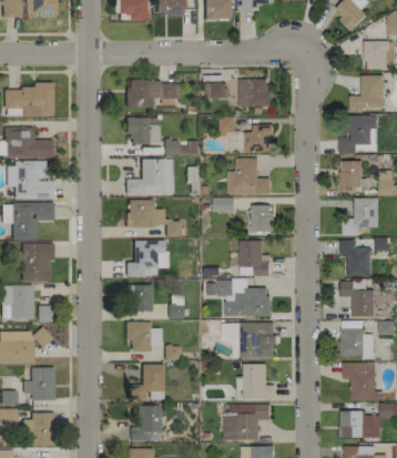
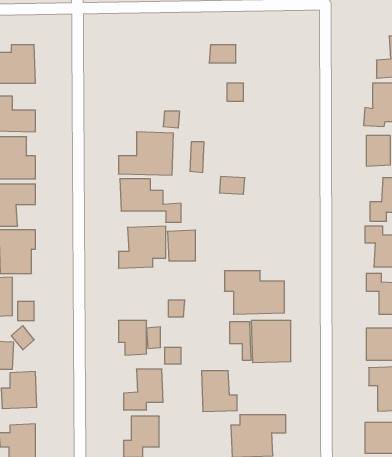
building: [238,79,273,105] -> none
building: [126,81,181,108] -> none
building: [125,116,160,143] -> none
building: [245,124,273,152] -> none
building: [227,157,271,193] -> none
building: [251,204,274,232] -> none
building: [240,240,269,275] -> none
building: [128,284,152,311] -> [167,230,196,261]
building: [243,364,274,399] -> [202,371,237,412]

